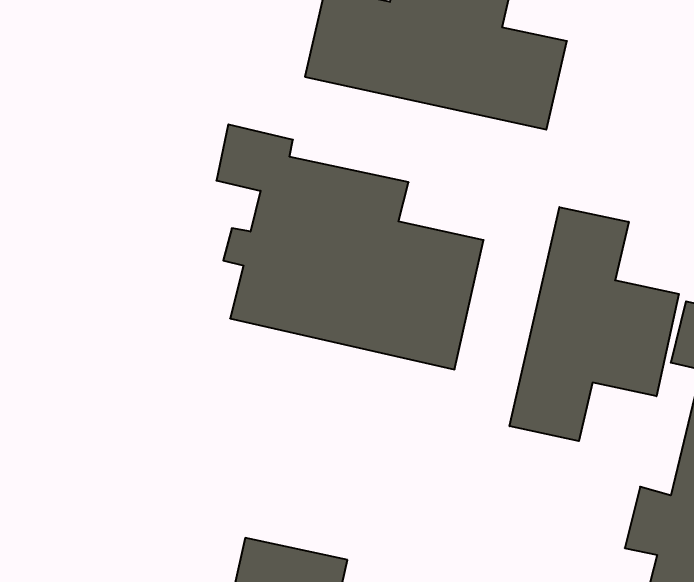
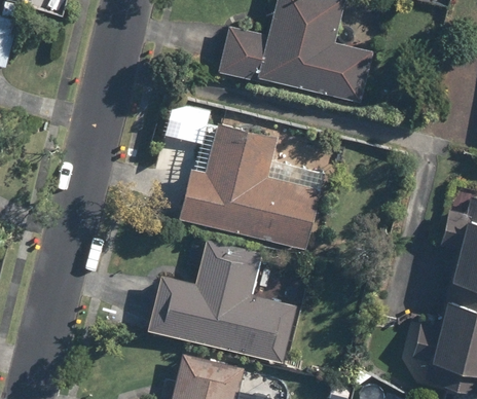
building: [510,207,679,441] -> none
building: none -> [148,240,297,365]

